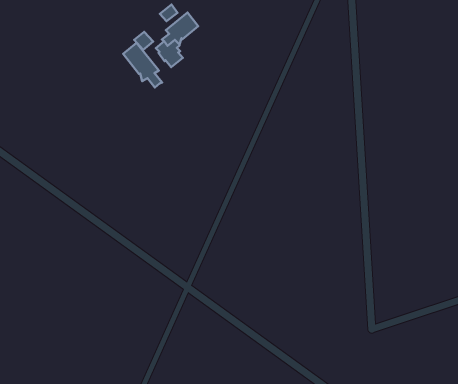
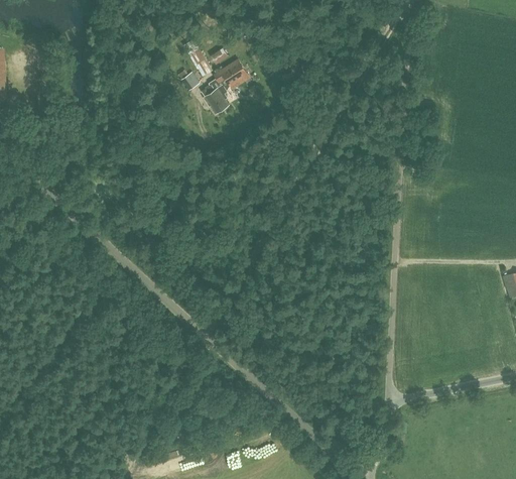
building: [123,43,162,87] -> none

